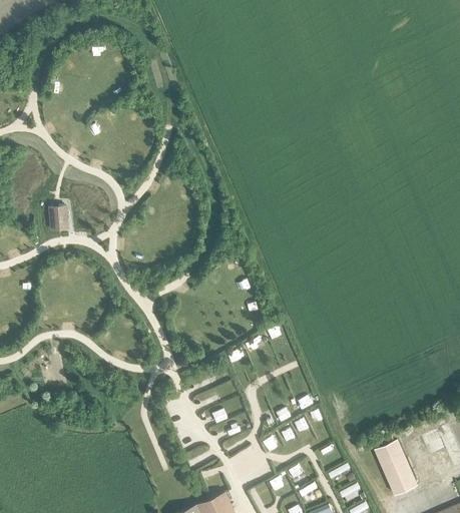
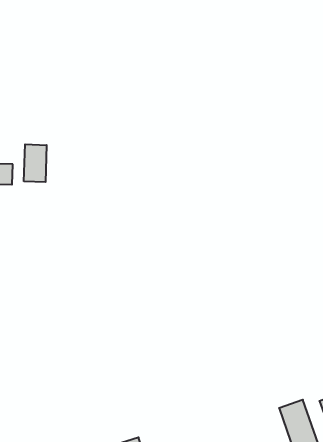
building: none -> [24,144,47,182]

